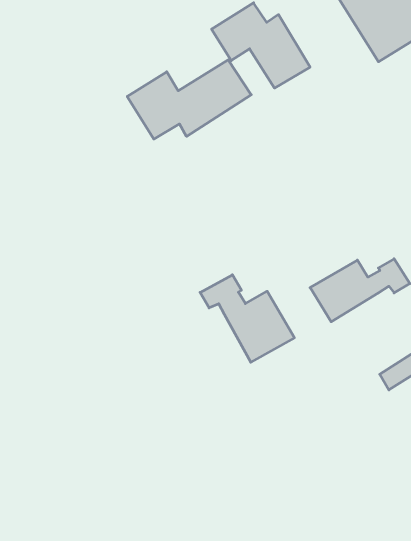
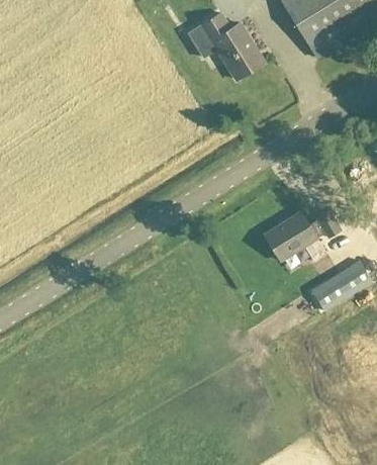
building: [127,60,251,139] -> none
building: [200,275,294,362] -> none

